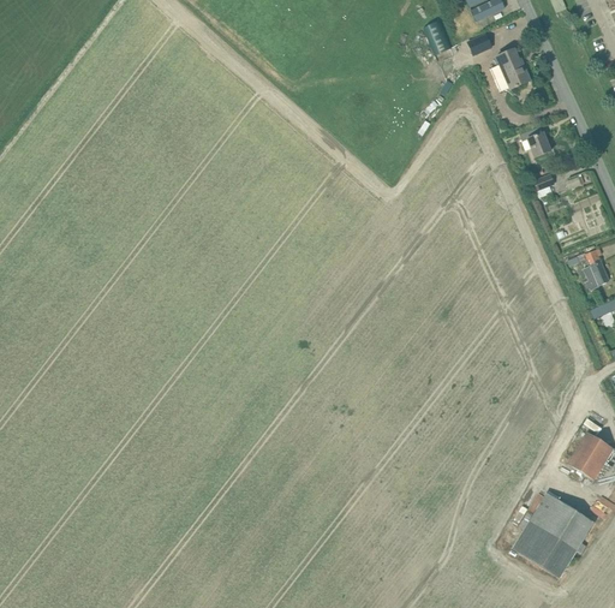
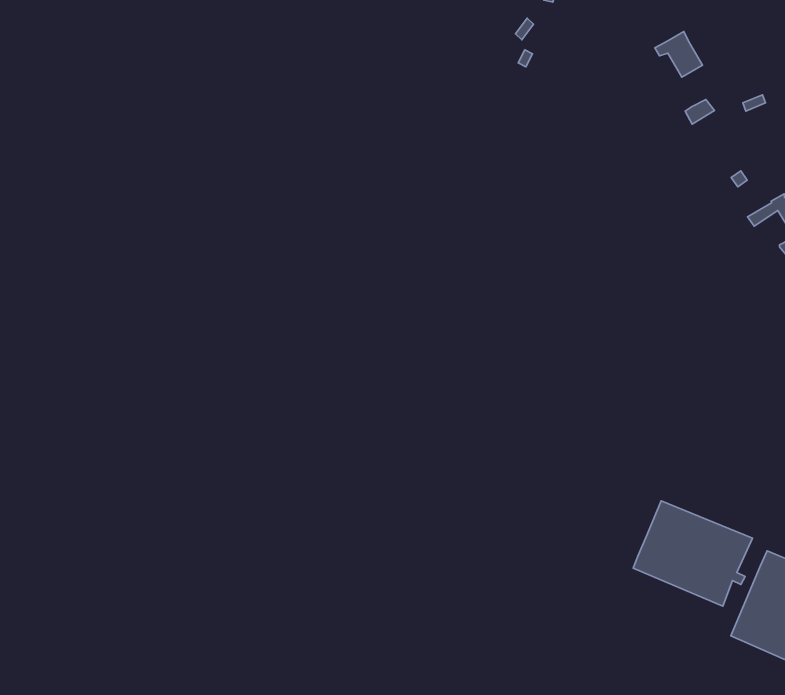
building: none -> [633,501,752,606]

